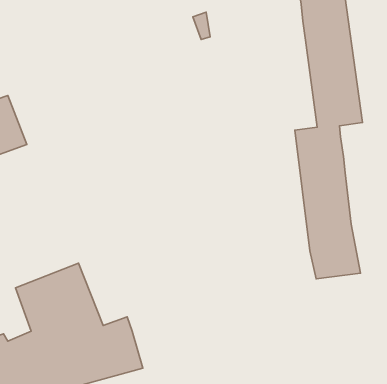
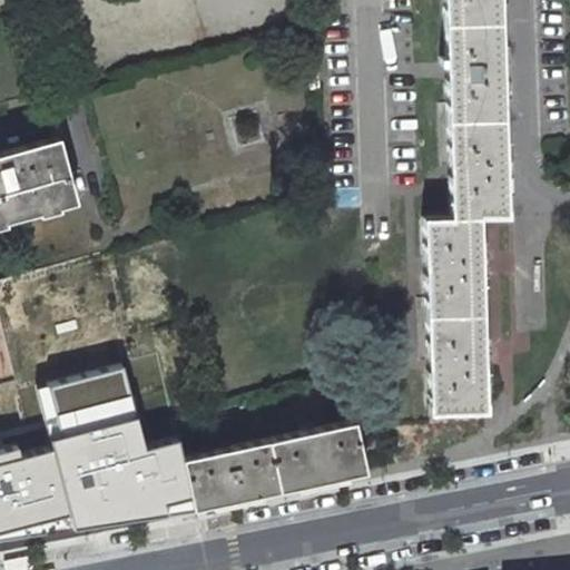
building: none -> [189,426,364,509]

